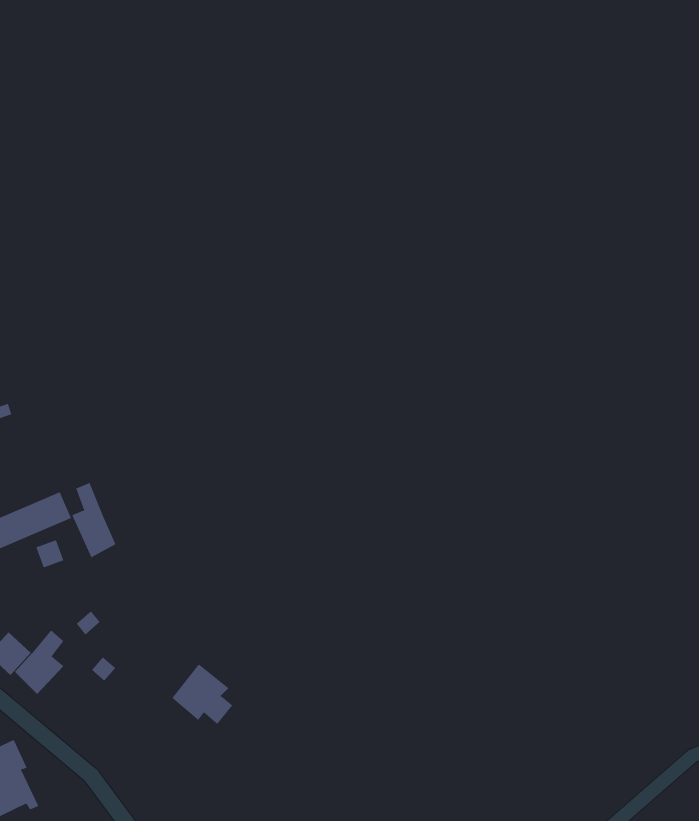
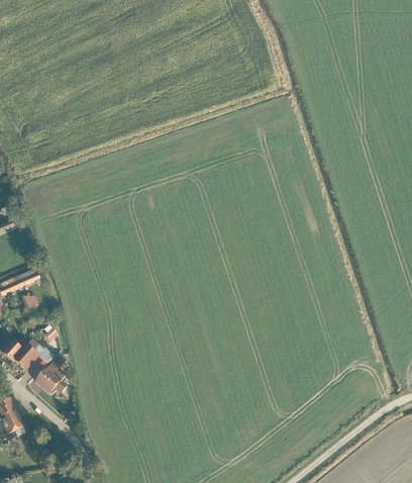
building: [71,482,116,558] -> none
building: [172,663,233,725] -> [36,364,69,396]

